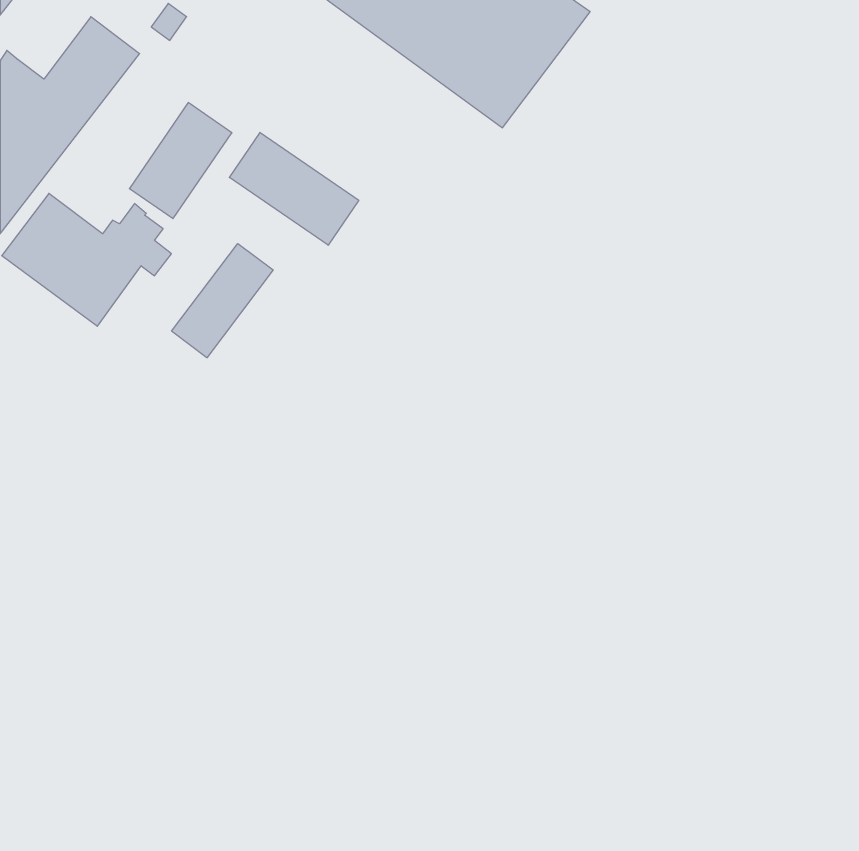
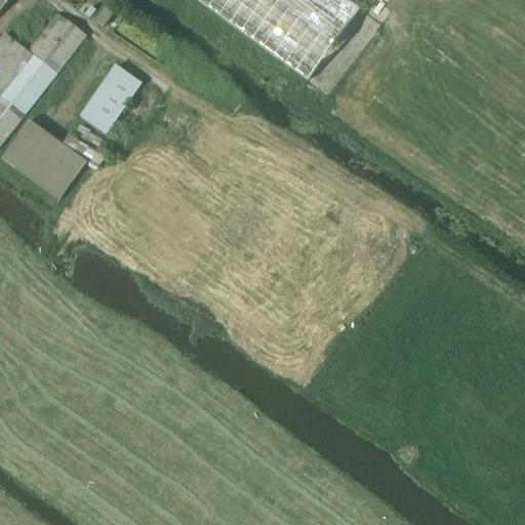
building: [229,132,359,245] -> none
building: [172,244,273,358] -> none

